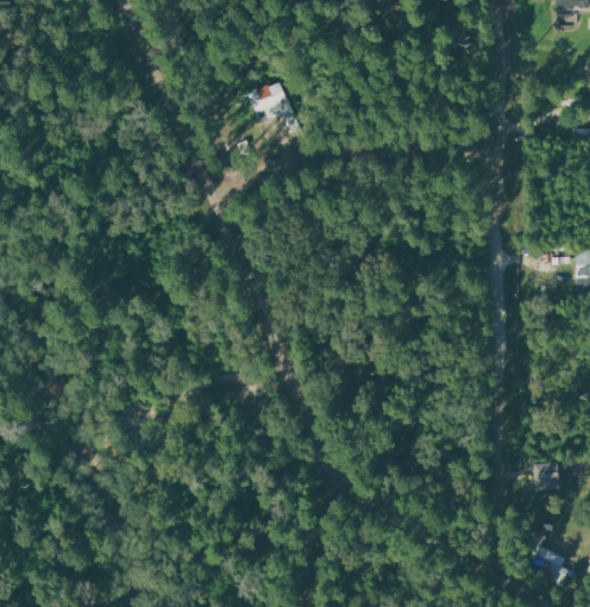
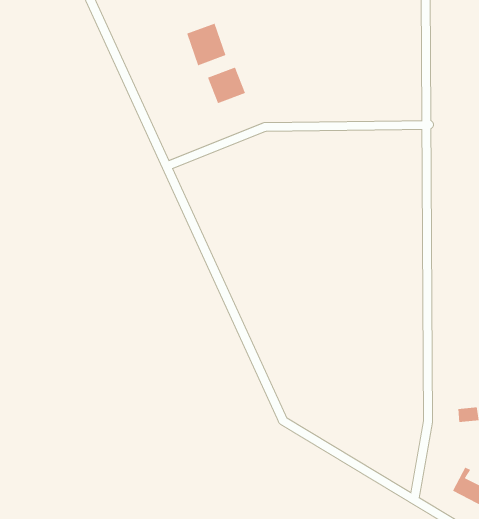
building: none -> [186,23,226,66]

